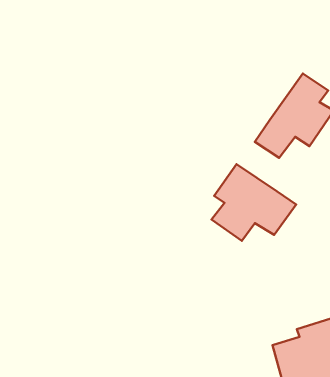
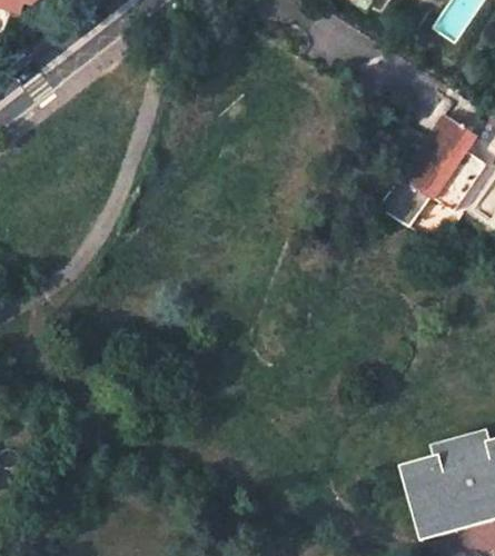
building: [212,164,296,241] -> none

